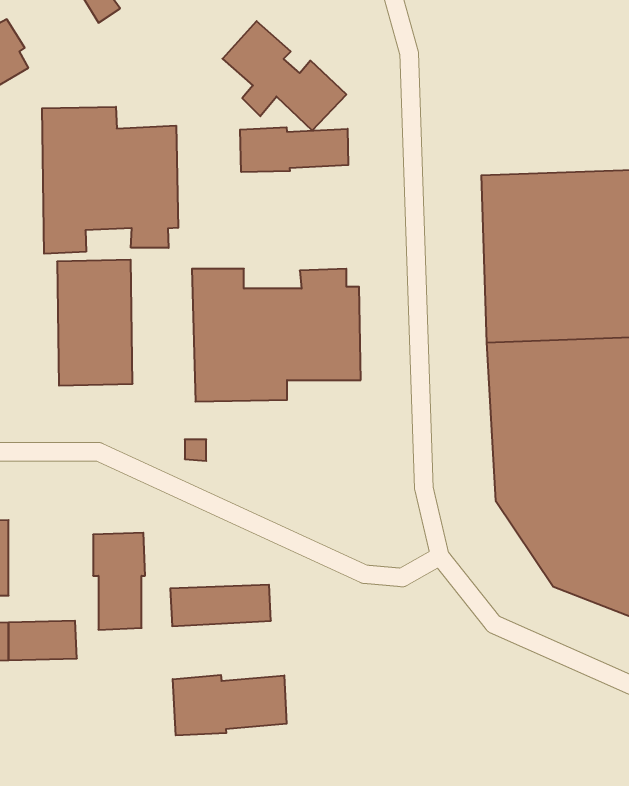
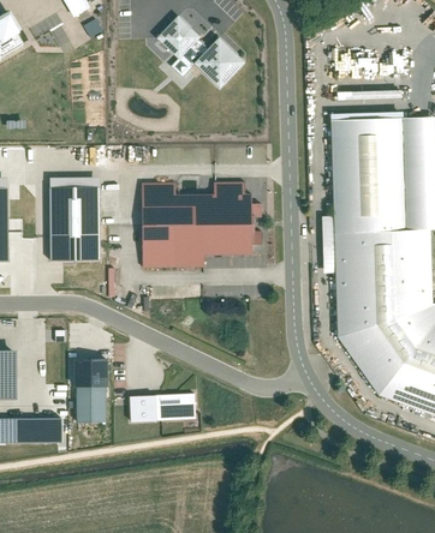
building: [42,107,178,254] -> none
building: [240,127,348,172] -> none
building: [173,675,287,735] -> none

